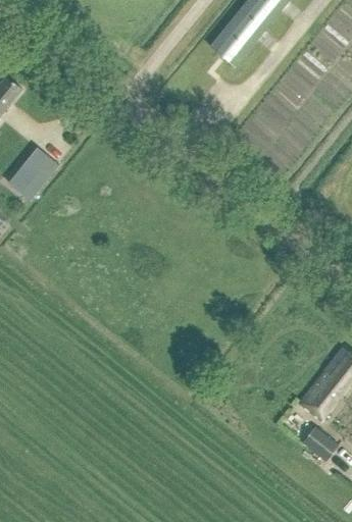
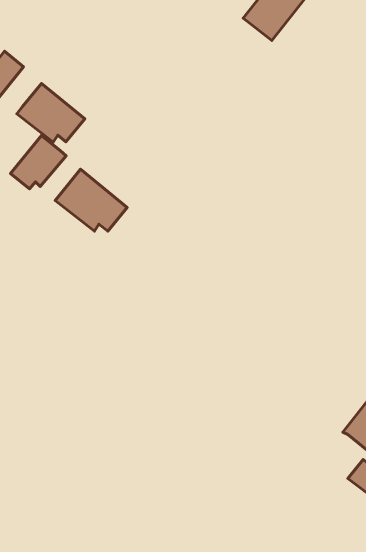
building: none -> [17,84,85,142]
building: none -> [55,169,127,231]

